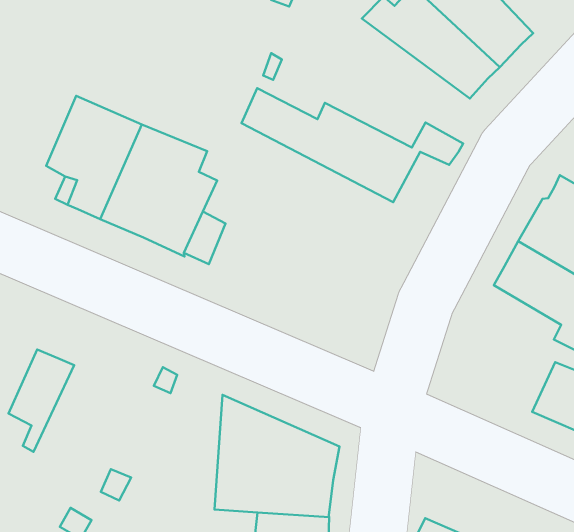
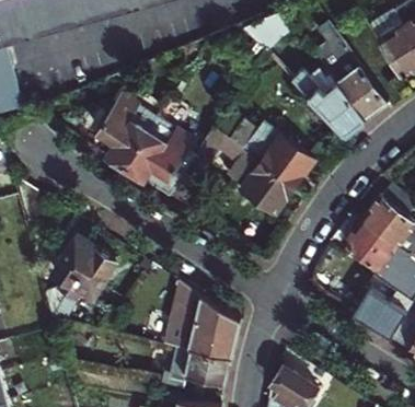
building: none -> [194,128,290,212]
building: none -> [49,251,114,323]

